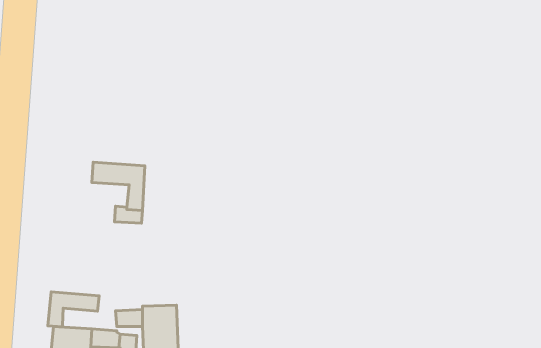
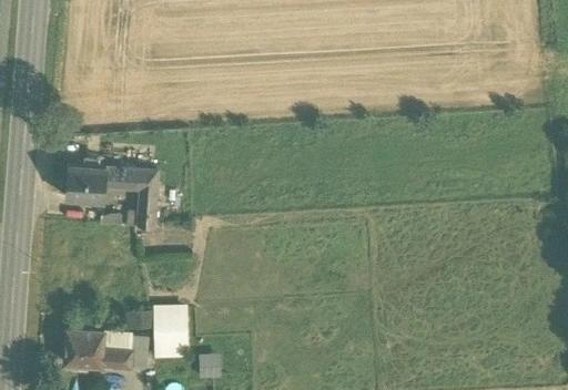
building: none -> [65,157,105,201]
building: [48,292,99,327] -> none

